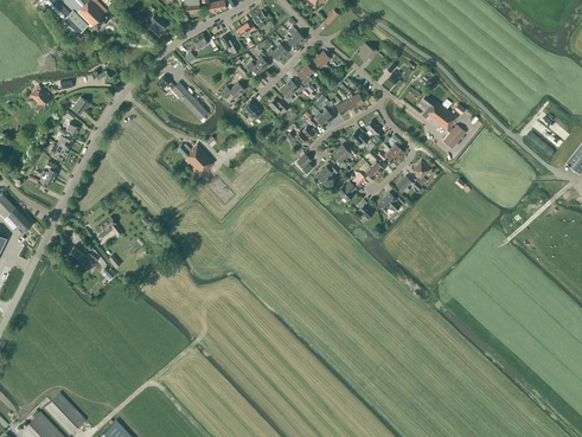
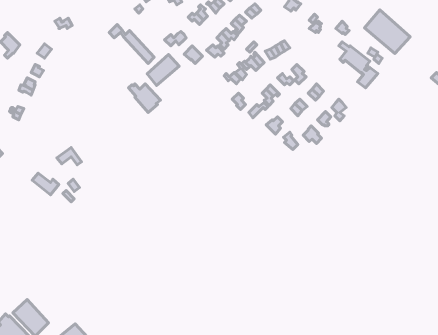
building: none -> [365,10,410,53]
building: none -> [147,54,179,85]

